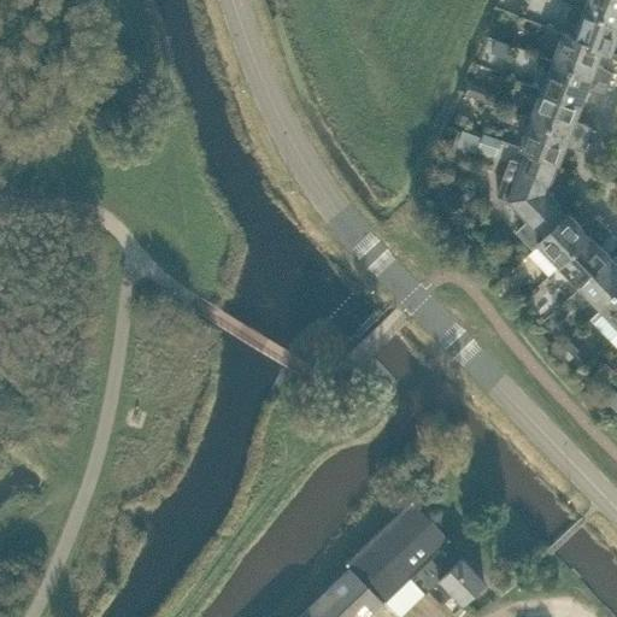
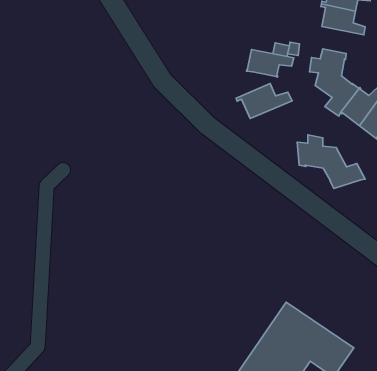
building: [517,121,586,165] -> [247,50,294,77]
building: none -> [236,83,292,118]
building: none -> [297,135,365,188]

